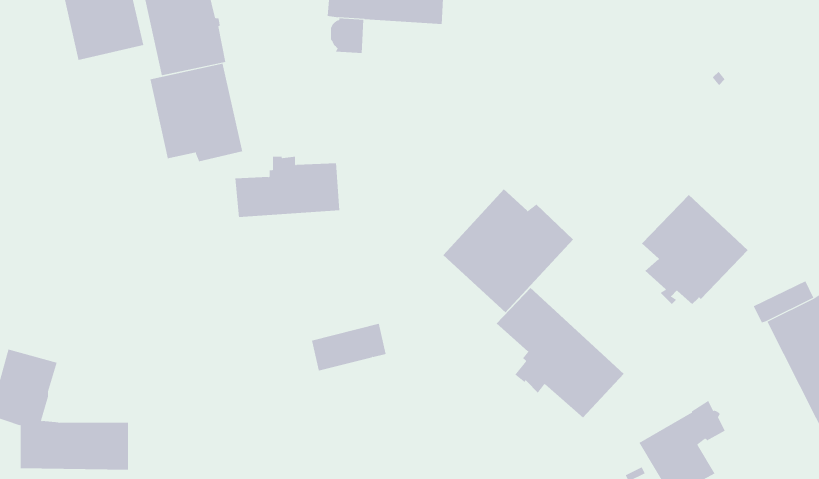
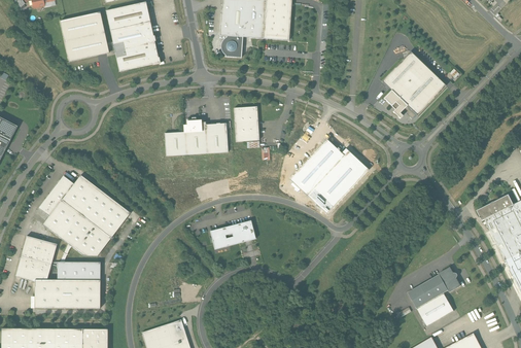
building: [150,63,243,162] -> none
building: none -> [234,105,258,141]
building: [641,194,749,305] -> [381,50,446,117]
building: none -> [38,174,130,279]
building: [496,287,625,419] -> none

